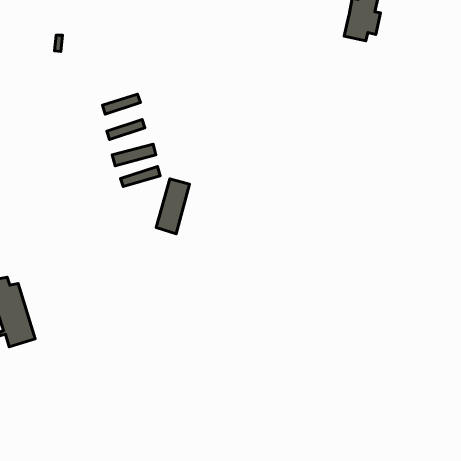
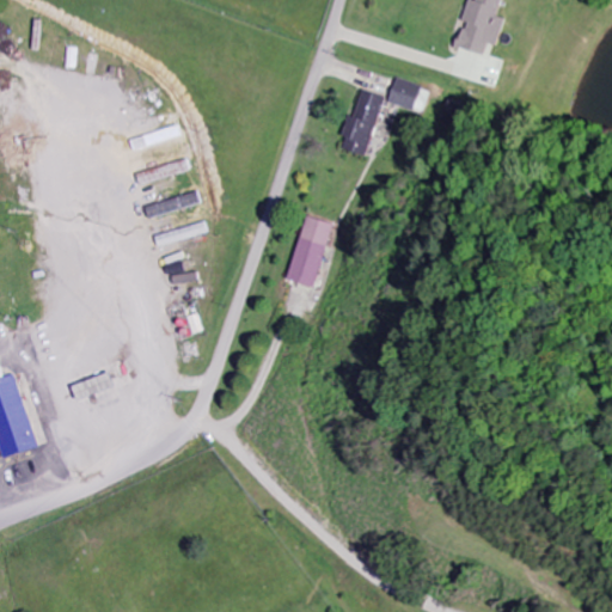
building: none -> [386,75,421,110]
building: none -> [339,88,382,157]
building: [156,179,190,234] -> [286,215,330,288]

